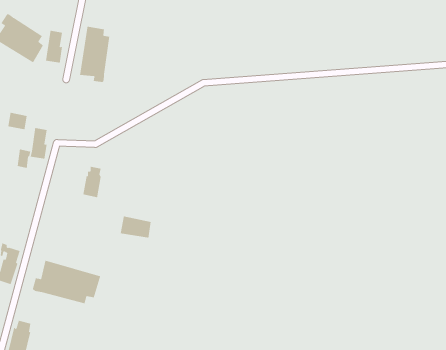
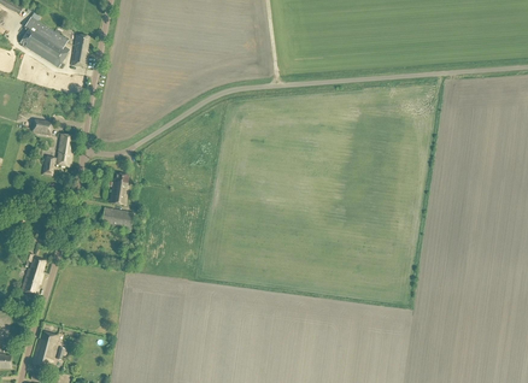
building: [79,26,110,83] -> none
building: [120,216,151,238] -> [100,206,133,229]
building: [32,260,101,304] -> none

